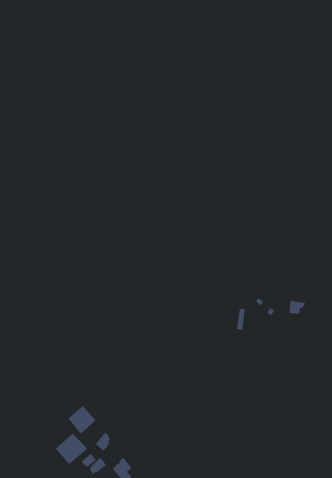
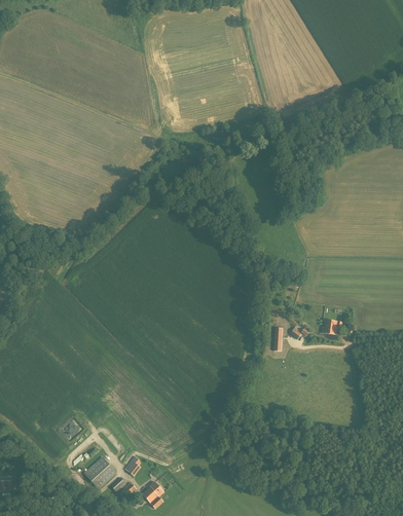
building: [68,405,96,434] -> none

